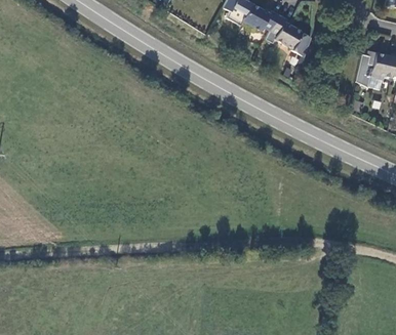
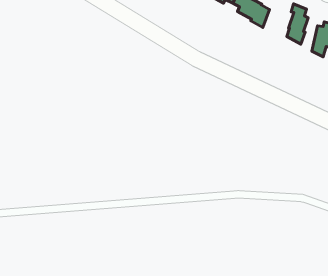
building: none -> [287,4,308,44]

